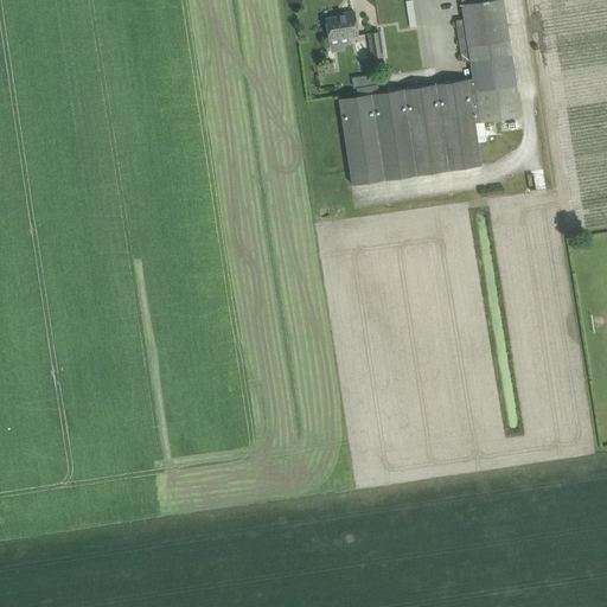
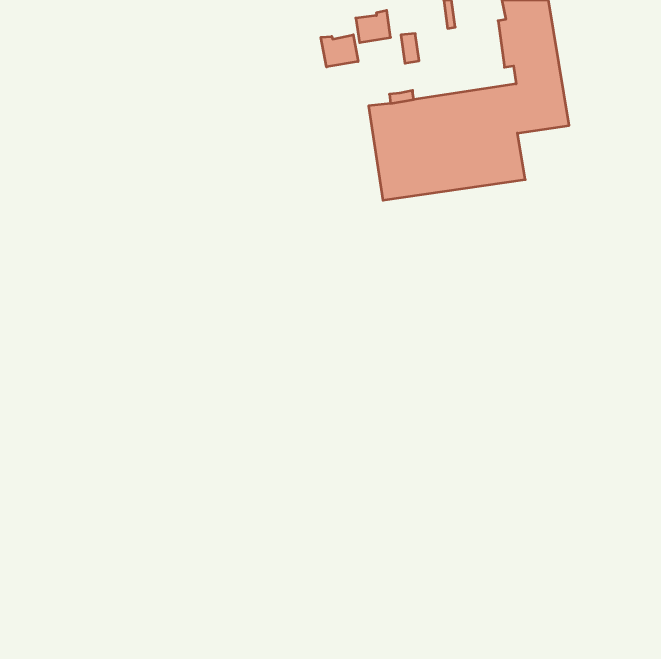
building: none -> [321,35,358,67]

